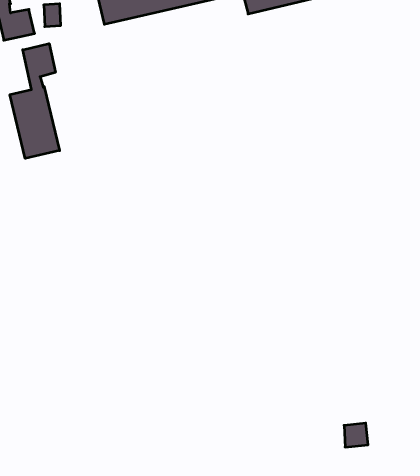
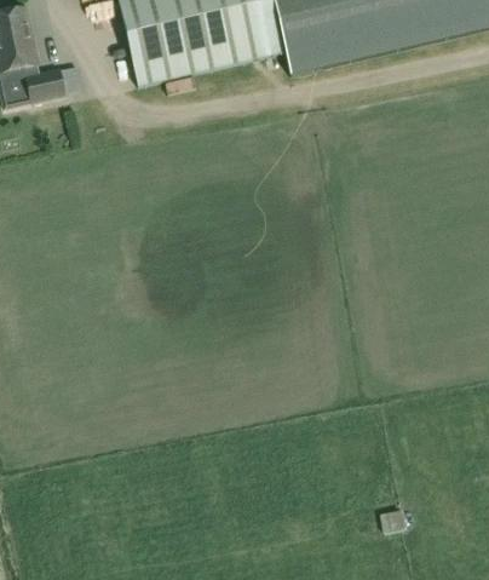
building: [10,44,60,158] -> none

